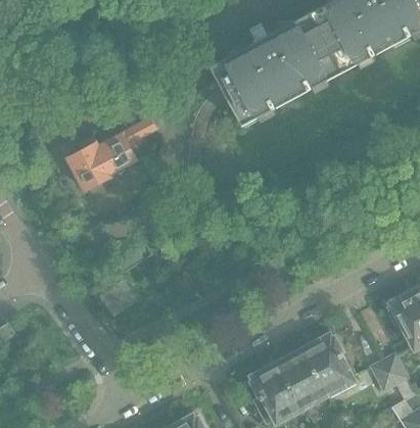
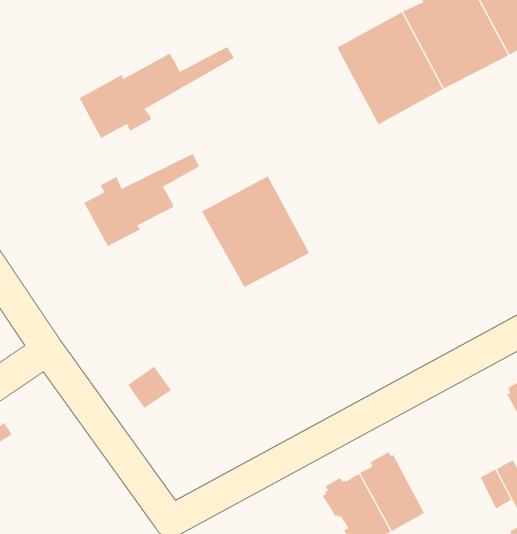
building: none -> [79,46,234,139]
building: [209,40,292,126] -> [201,175,310,288]
building: [305,334,356,395] -> none

